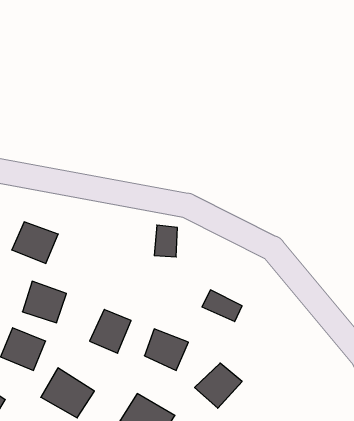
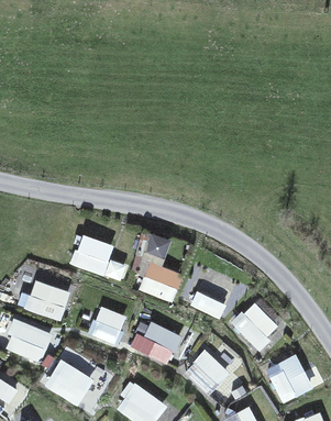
building: [12,222,58,263] -> [70,235,112,273]
building: none -> [141,261,181,299]
building: none -> [233,303,277,345]
building: none -> [268,358,309,400]

